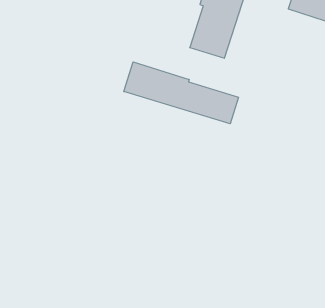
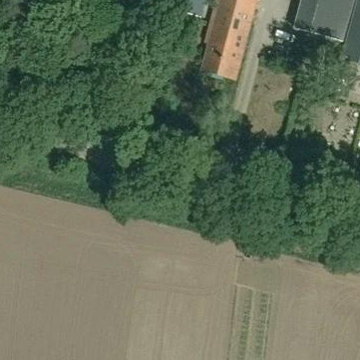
building: [124,62,238,124] -> none

